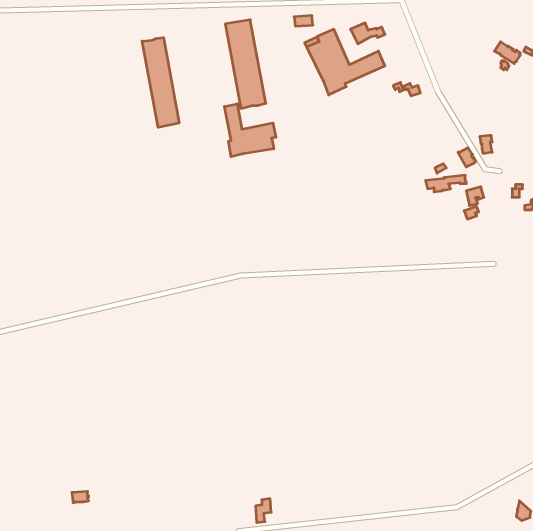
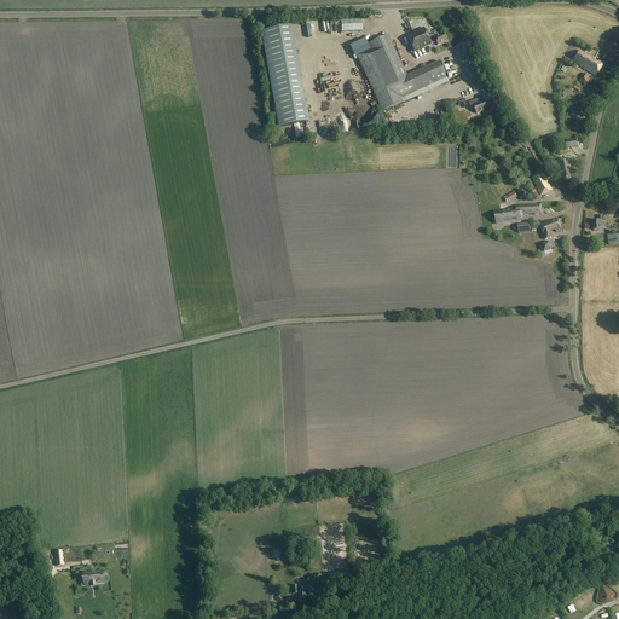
building: [142,38,179,127] -> none
building: [224,104,276,157] -> none

